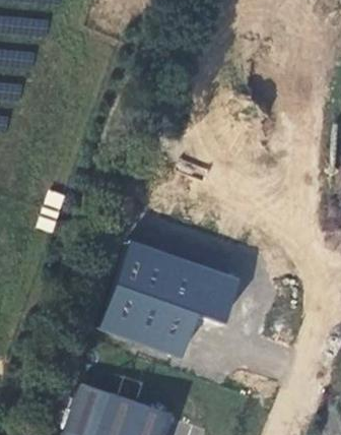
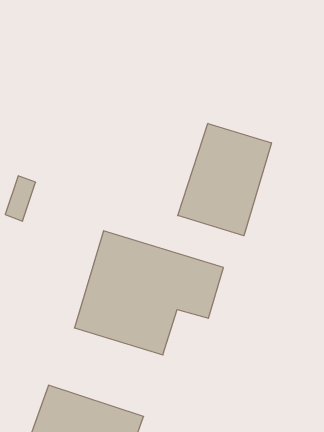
building: none -> [178,123,271,236]

